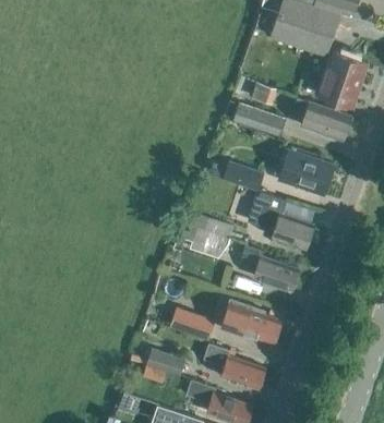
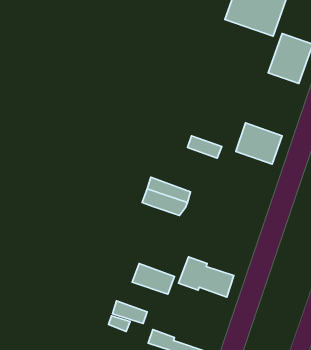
building: [293,98,350,140] -> none
building: [232,102,285,135] -> none
building: [251,192,313,247] -> none
building: [241,245,298,289] -> none
building: [203,343,265,389] -> none

